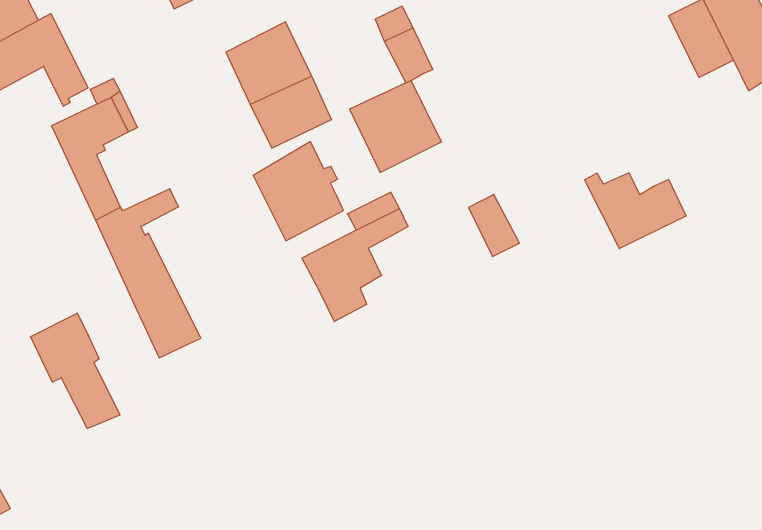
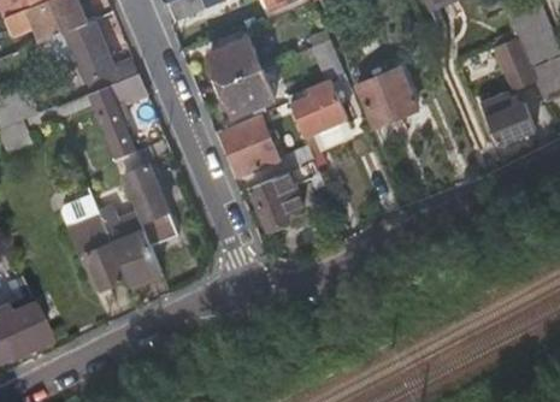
building: none -> [353,71,413,129]
building: [585,173,686,249] -> [474,94,538,143]
building: none -> [106,215,160,285]

